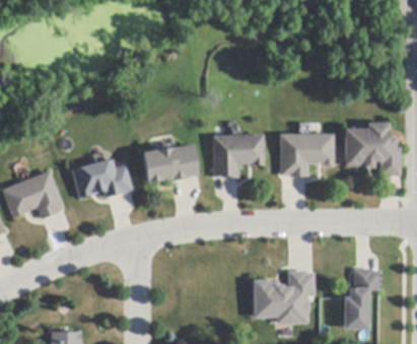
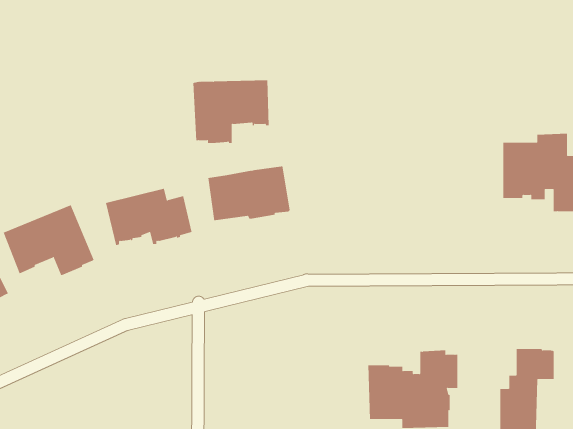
building: [280,133,335,177] -> none
building: [212,134,265,178] -> [192,80,270,144]

